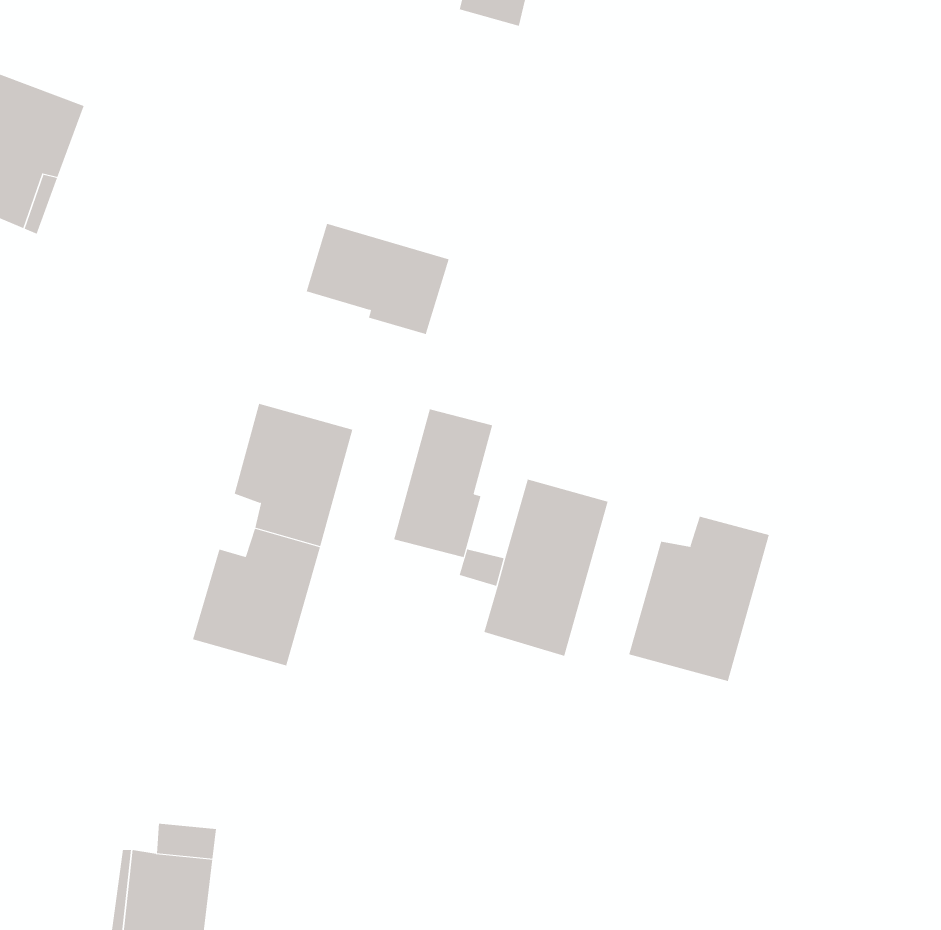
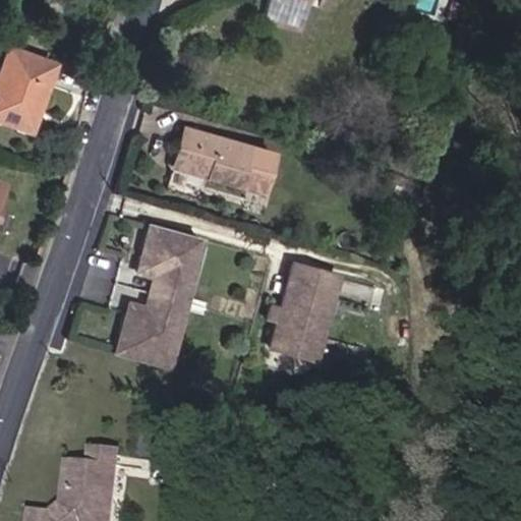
building: none -> [241,148,277,194]
building: [394,408,493,558] -> none
building: [629,516,769,682] -> none

